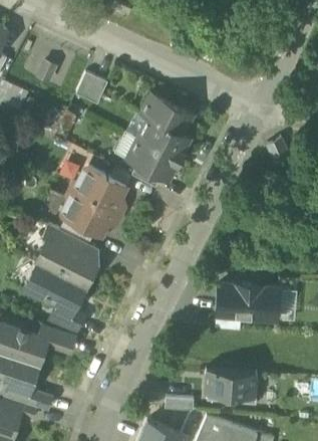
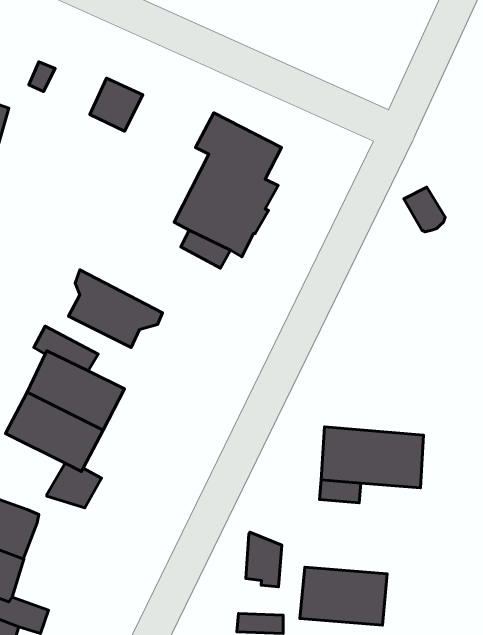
building: [70,166,126,214] -> none
building: [38,322,75,350] -> none
building: none -> [246,532,282,587]

